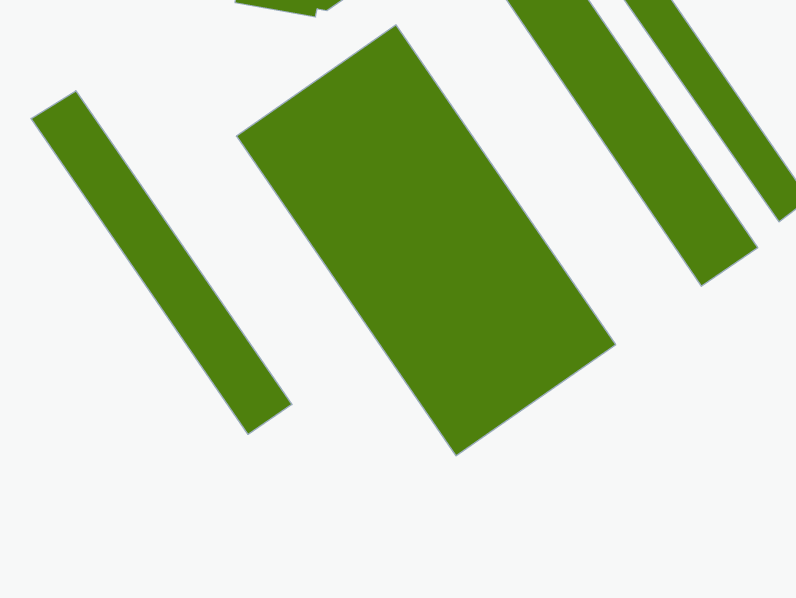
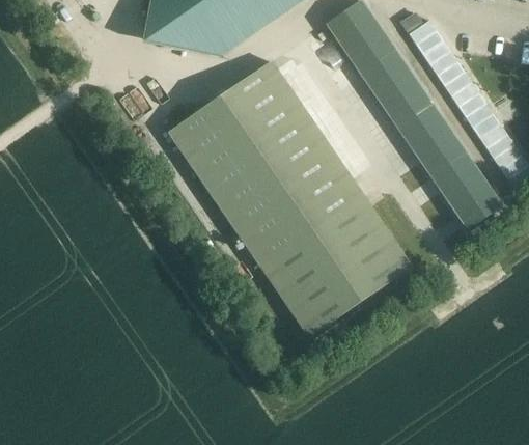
building: [31,91,292,434] -> none

